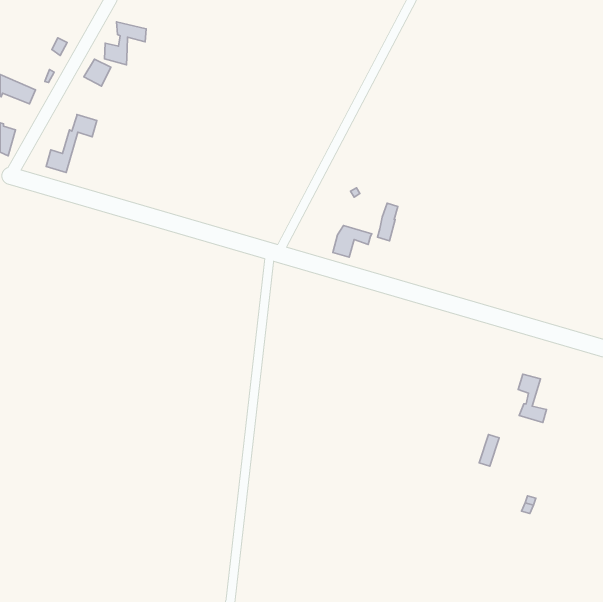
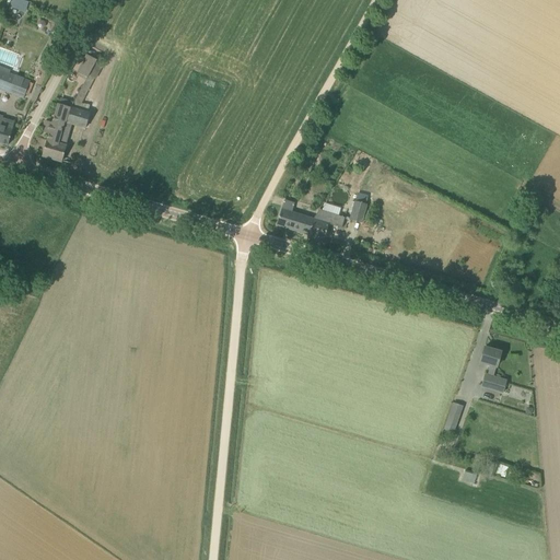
building: [105,22,146,65] -> none
building: none -> [42,103,71,142]
building: none -> [277,199,313,234]

